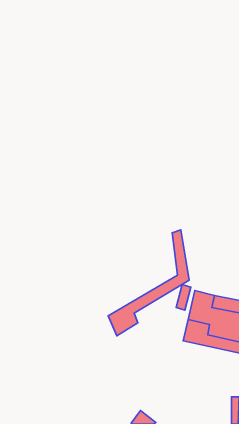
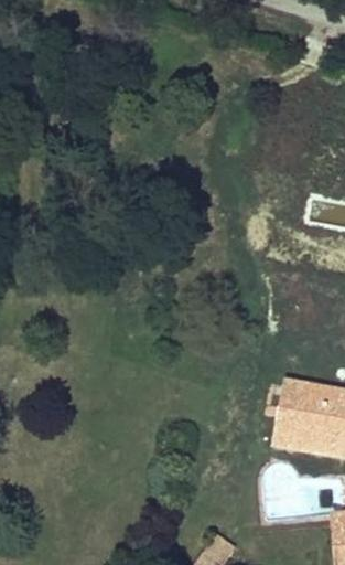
building: [108,230,189,336] -> none

